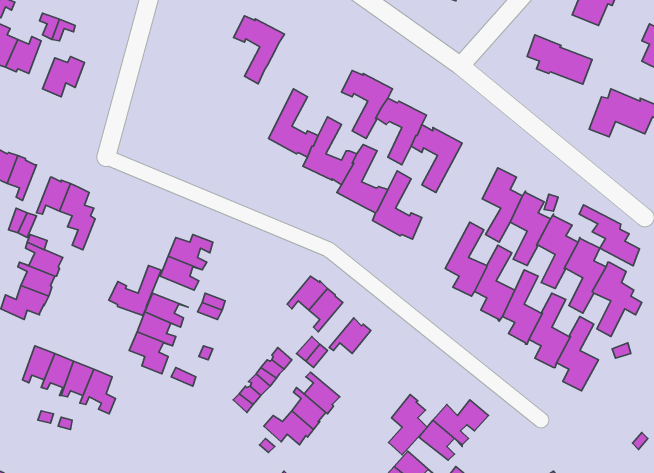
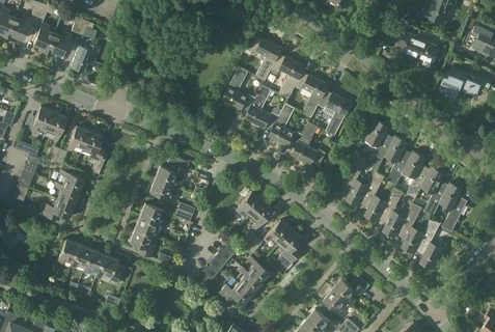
building: [234,16,285,84] -> [248,35,282,81]
building: [579,205,639,266] -> none
building: [109,266,161,315] -> none
building: [388,395,427,455] -> [276,228,302,269]

